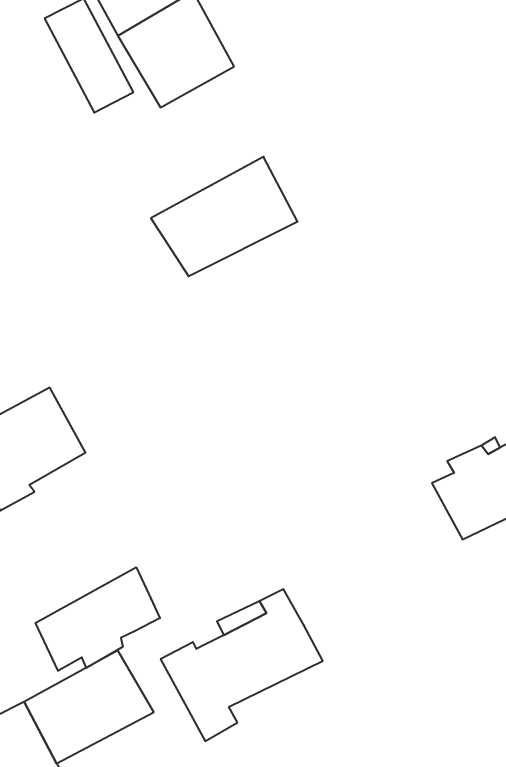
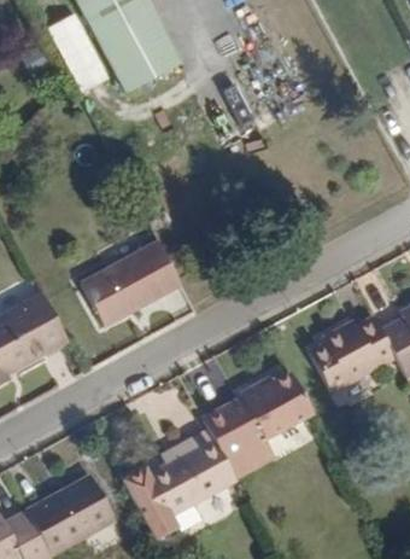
building: [151,157,298,276] -> [77,237,181,321]
building: none -> [205,372,316,455]
building: [36,567,160,671] -> none

